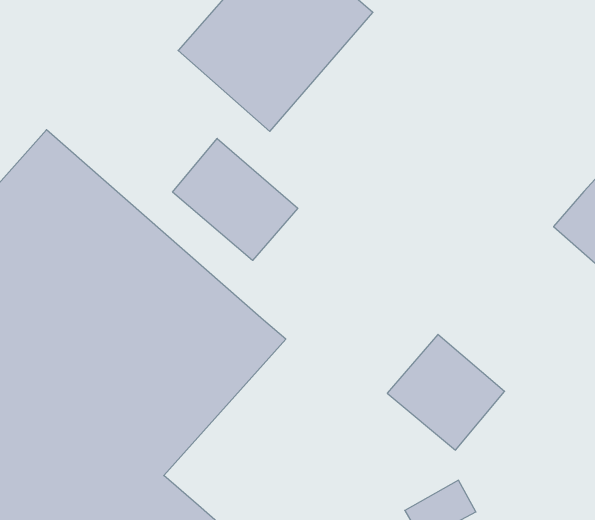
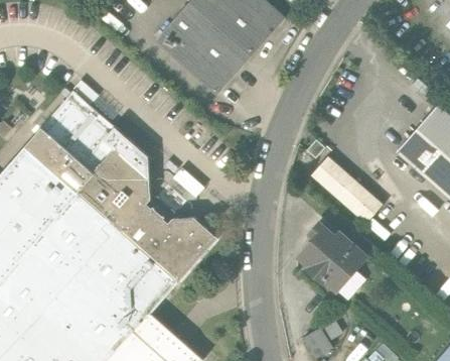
building: [173,138,298,260] -> none
building: none -> [309,157,382,225]

